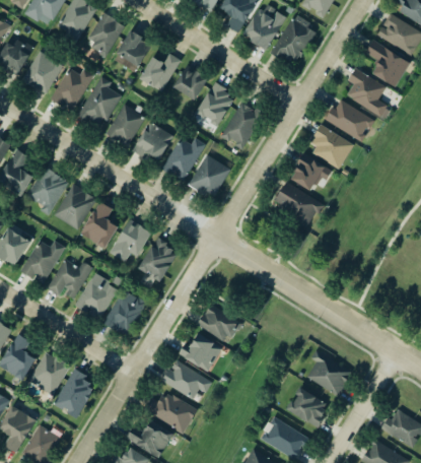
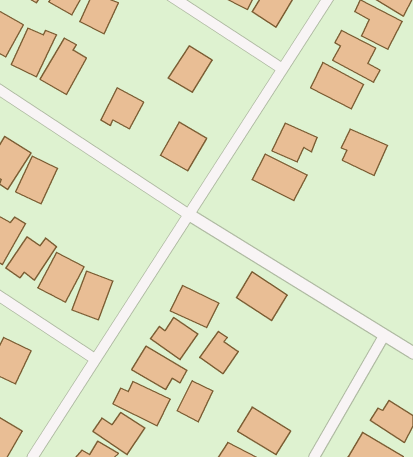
building: [139,54,180,91] -> none
building: [172,64,208,100] -> none
building: [221,102,261,148] -> none
building: [107,104,143,146] -> none
building: [310,126,353,169] -> [341,129,388,175]
building: [161,137,204,181] -> none
building: [80,201,119,248] -> none
building: [111,218,150,261] -> none
building: [138,238,179,280] -> none
building: none -> [200,331,238,374]
building: [304,351,351,396] -> [236,272,287,321]
building: [53,368,94,417] -> none
building: [286,387,330,426] -> none
building: none -> [177,381,213,422]

